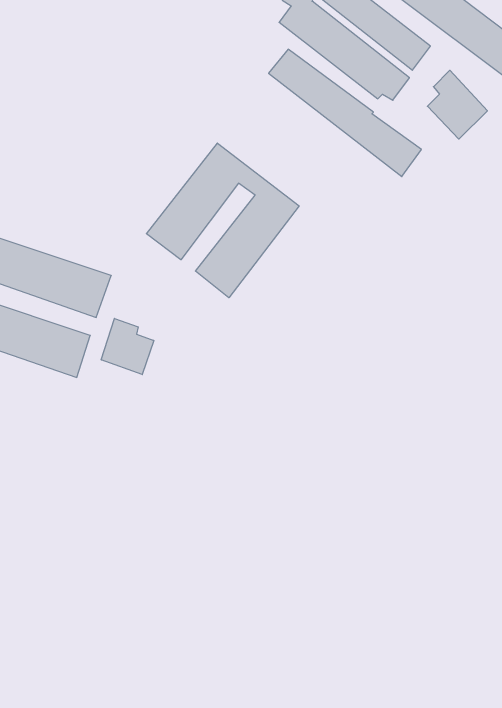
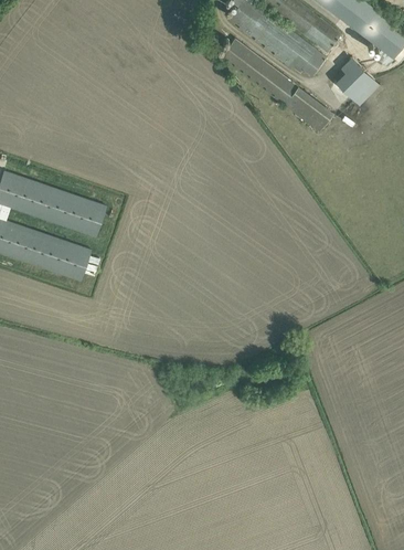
building: [146,143,299,298] -> none
building: [101,318,154,375] -> none

